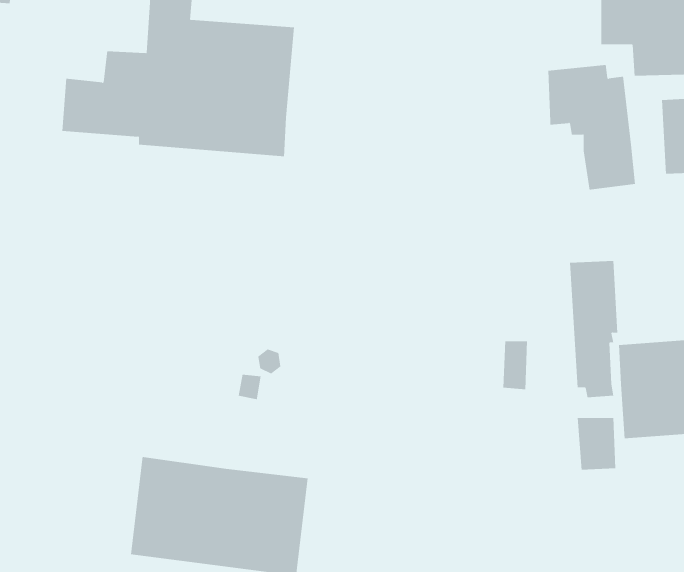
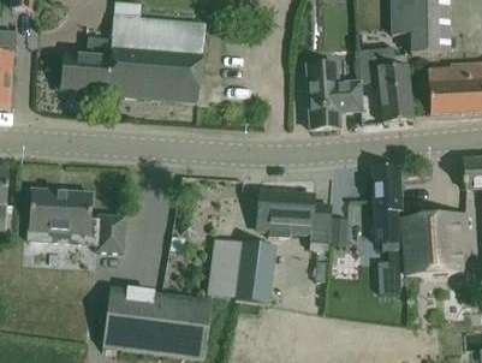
building: none -> [305,64,362,129]
building: none -> [30,188,125,251]
building: none -> [256,190,331,240]
building: none -> [204,237,275,303]

